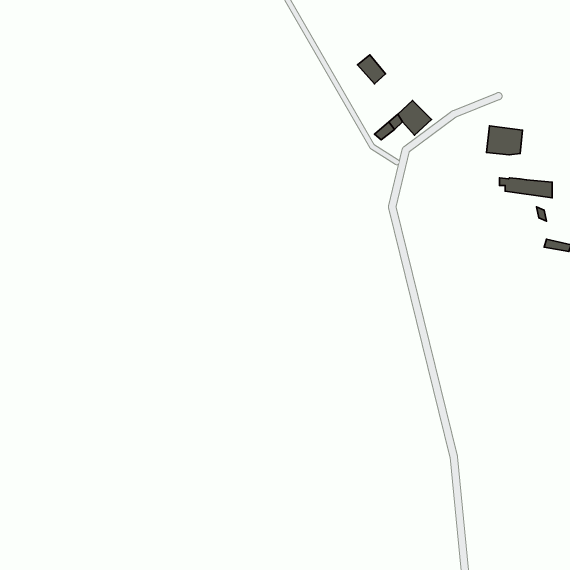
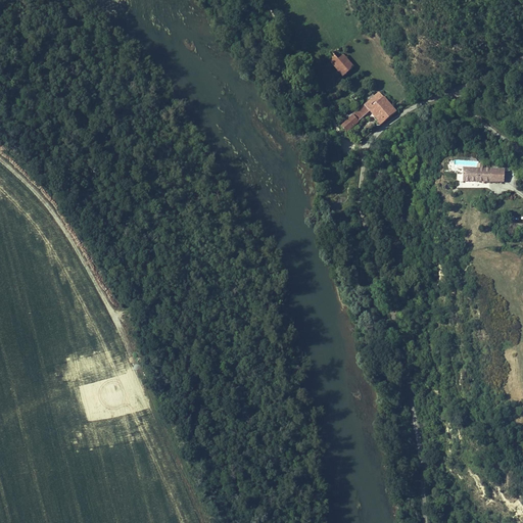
building: [487,126,523,155] -> none

